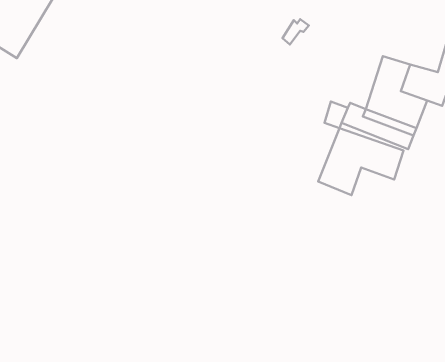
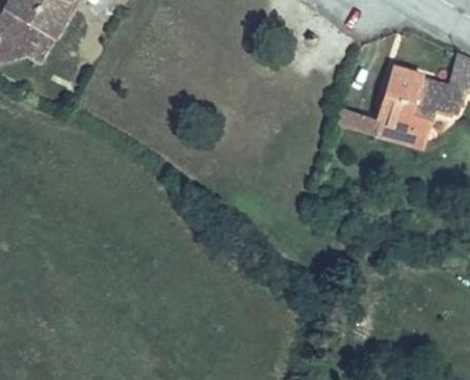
building: [318,128,404,195] -> none

